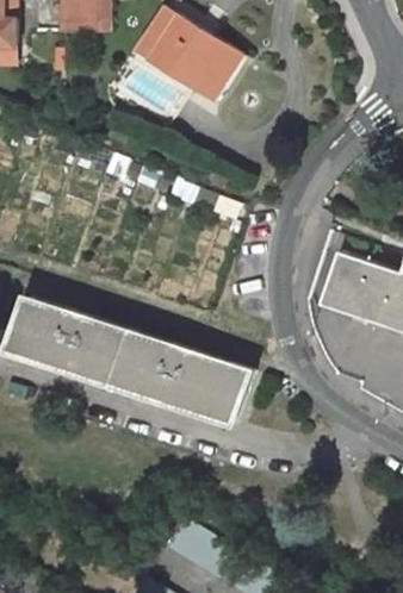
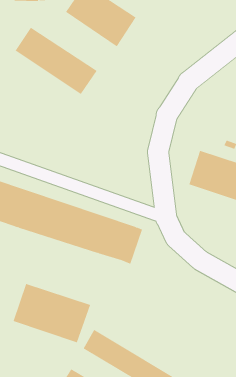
building: none -> [15,27,97,95]
building: none -> [13,283,91,343]

